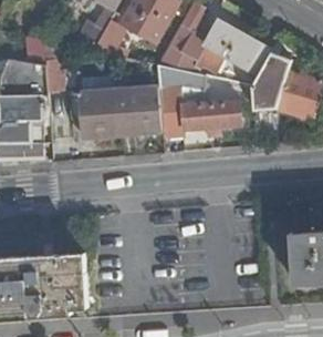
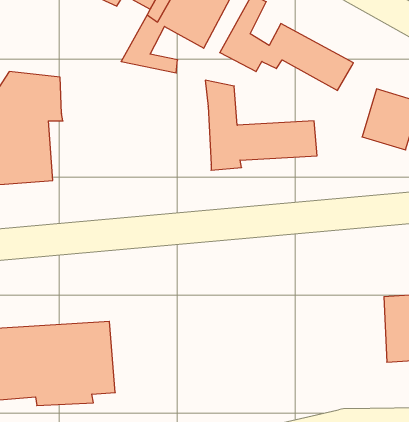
building: [46,39,163,135] -> none
building: [158,43,233,80] -> none
building: [252,53,289,110] -> none

